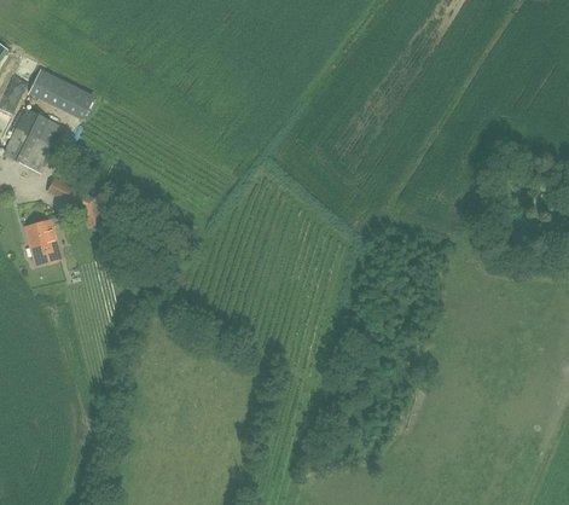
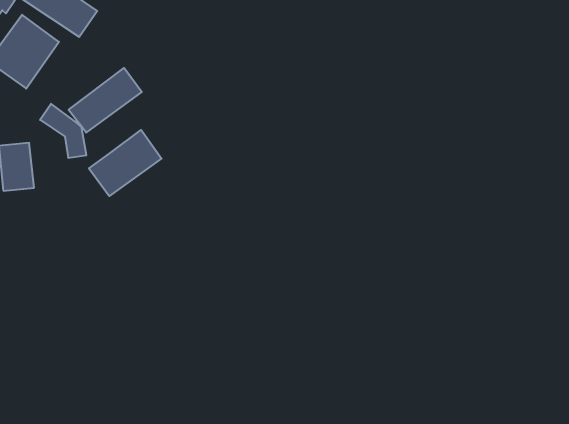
building: none -> [69,68,142,133]
building: none -> [89,130,162,196]

